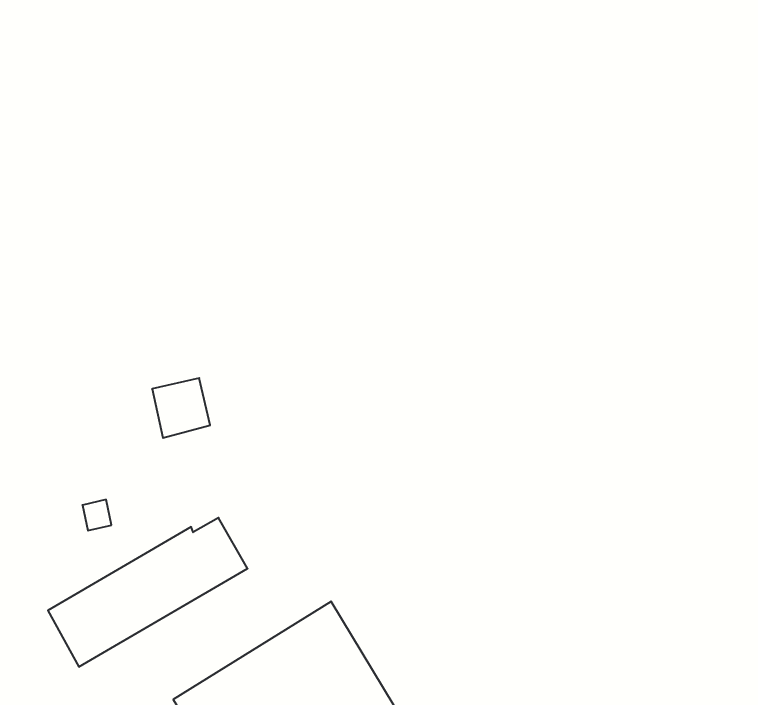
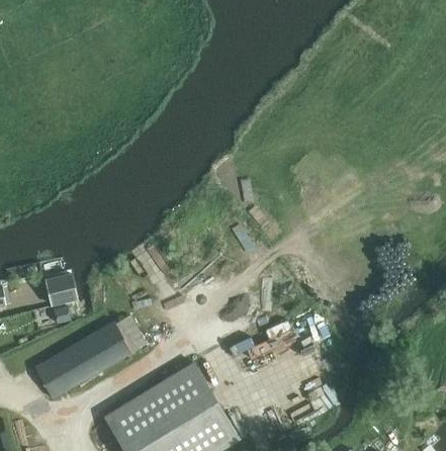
building: [152,378,210,438] -> [44,273,77,306]

